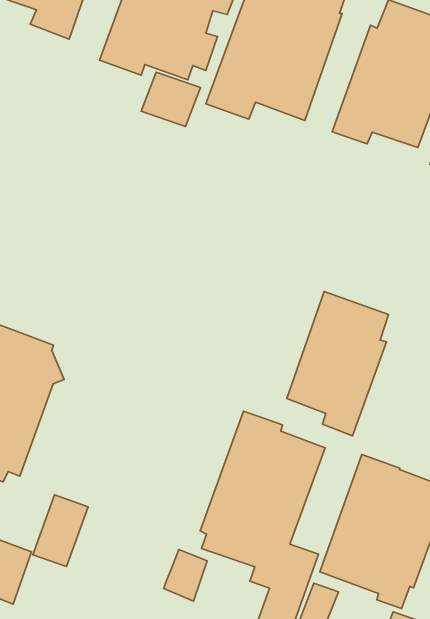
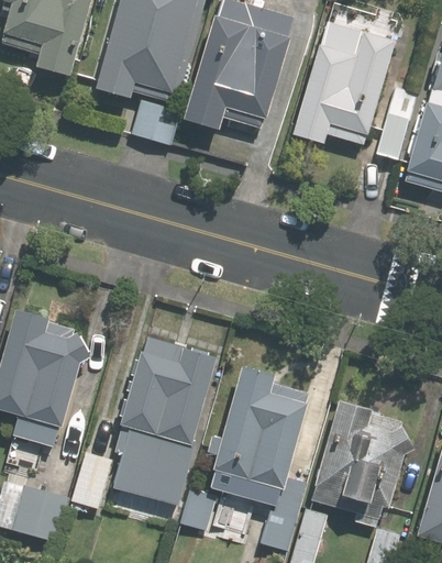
building: [287,291,389,436] -> none
building: none -> [118,335,214,499]

